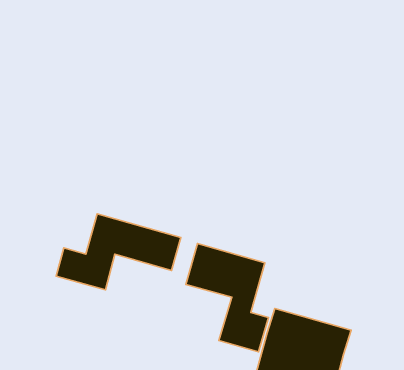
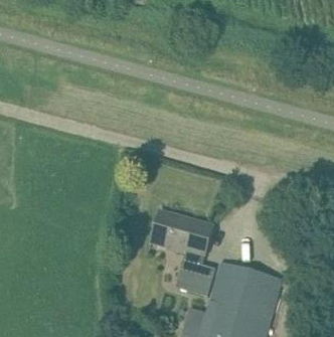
building: [56,214,181,290] -> none

